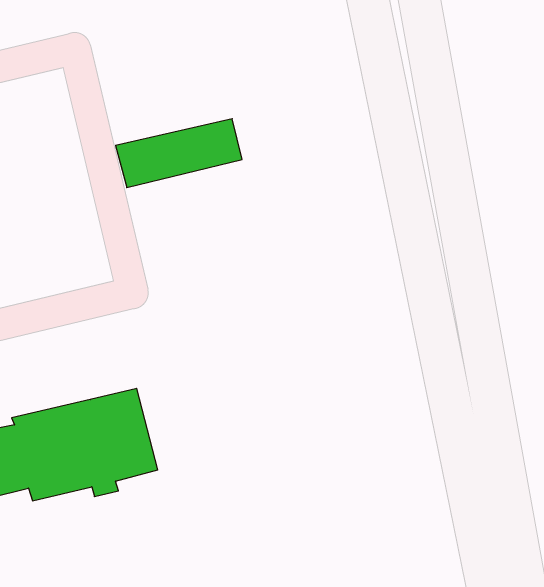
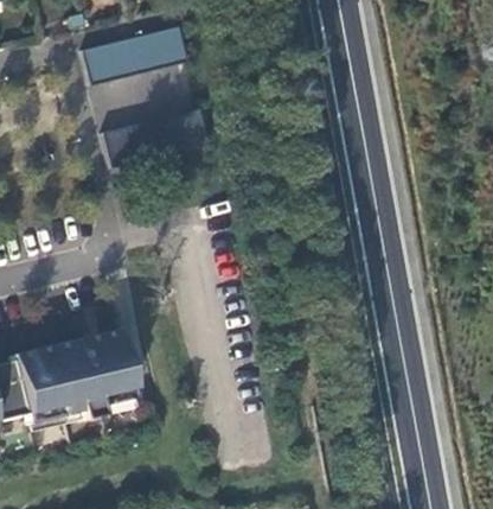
building: none -> [81,24,187,82]

